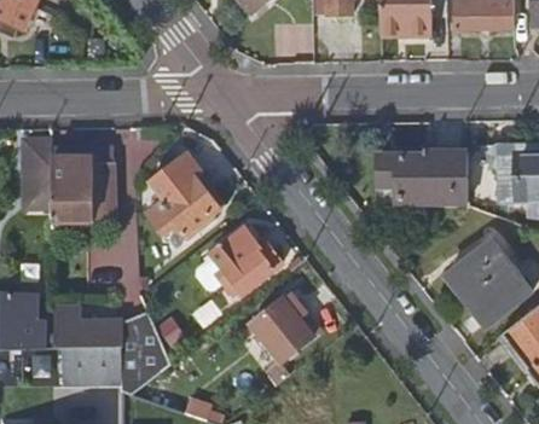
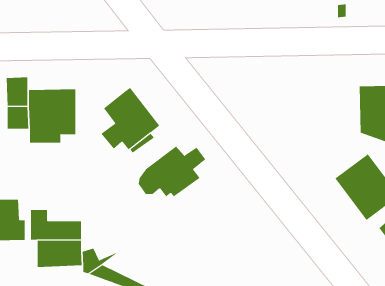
building: [379,150,469,203] -> none
building: [249,295,313,361] -> none
building: [128,329,170,374] -> none

